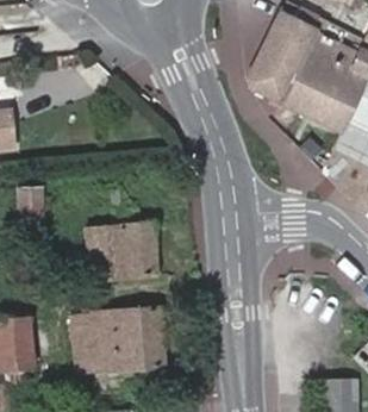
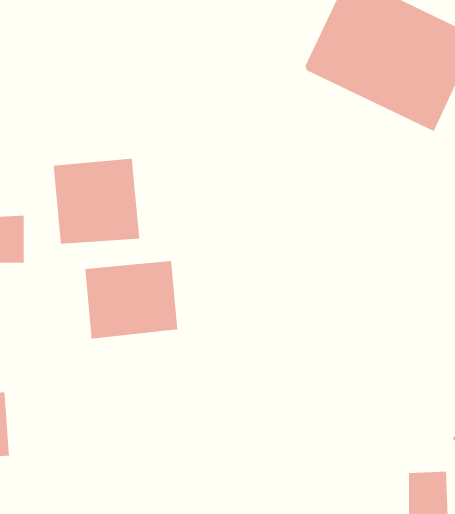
building: none -> [53,158,140,245]
building: [74,307,164,374] -> none

